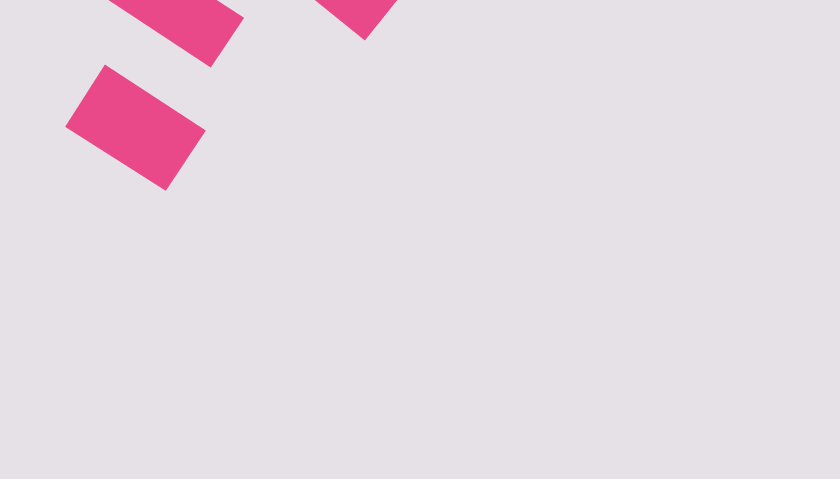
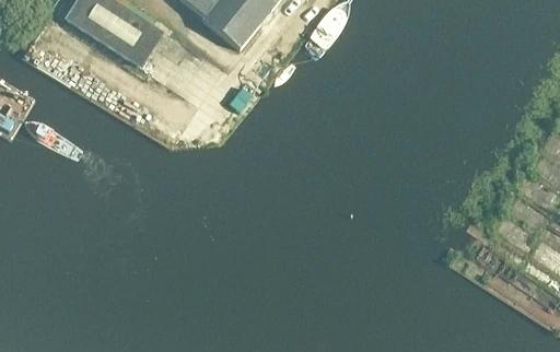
building: [64,64,207,192] -> none

